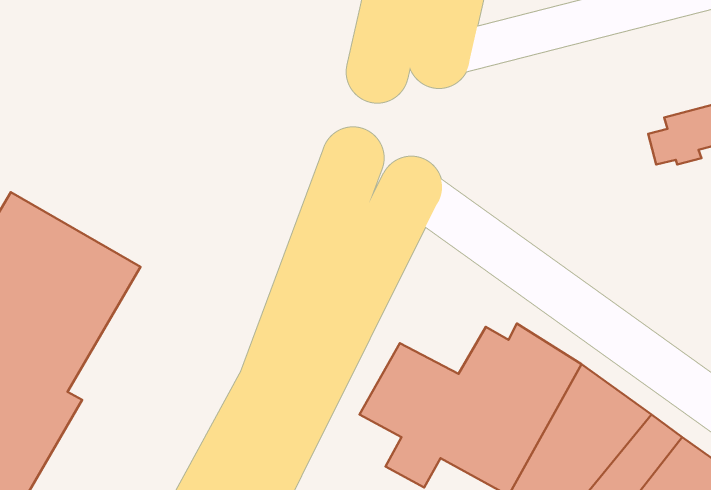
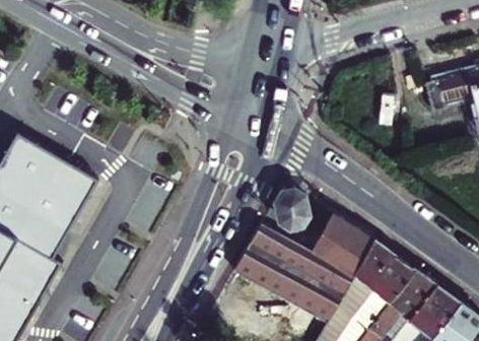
building: none -> [276,190,307,229]

